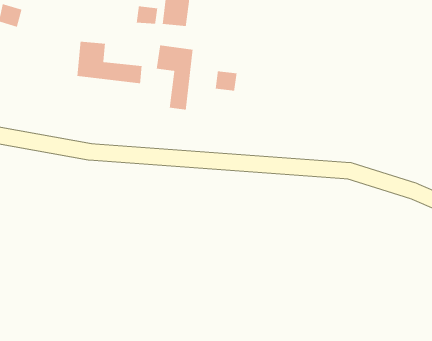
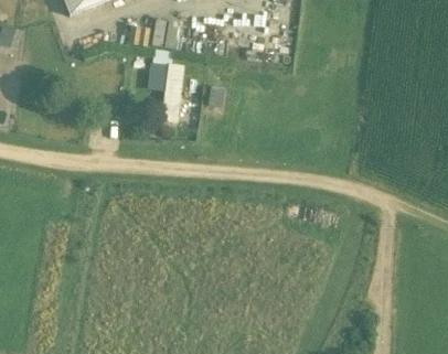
building: [76,41,143,84] -> none

